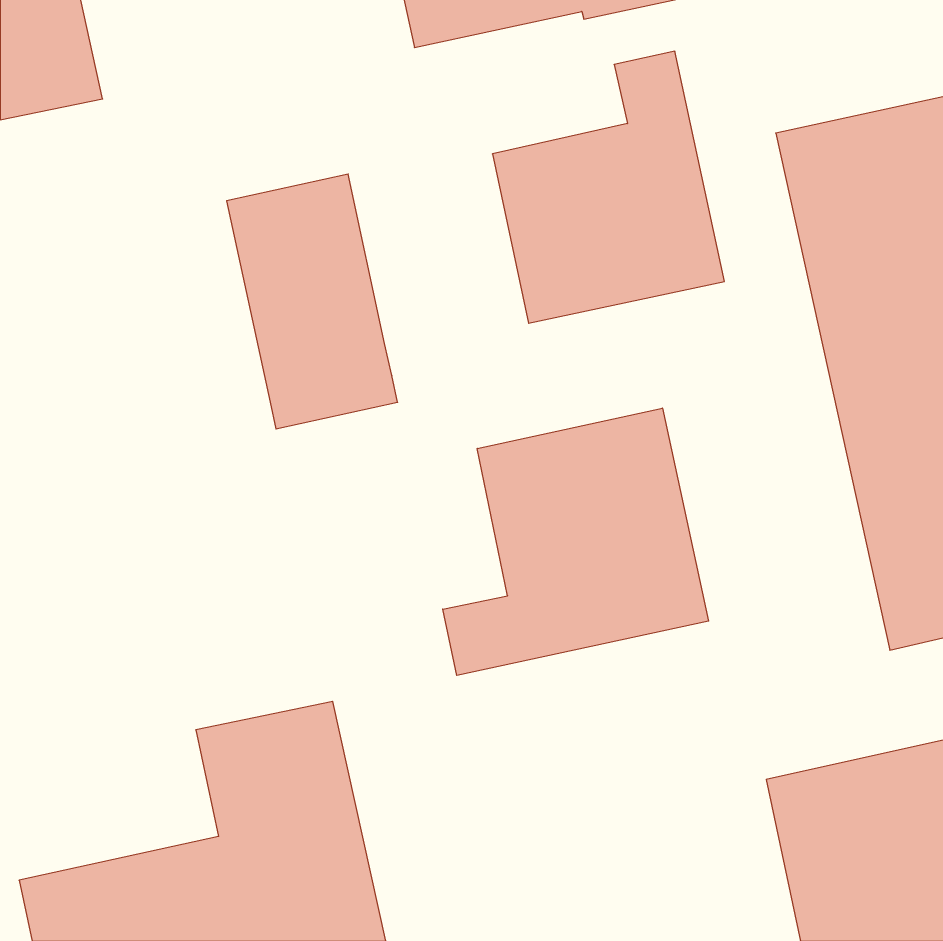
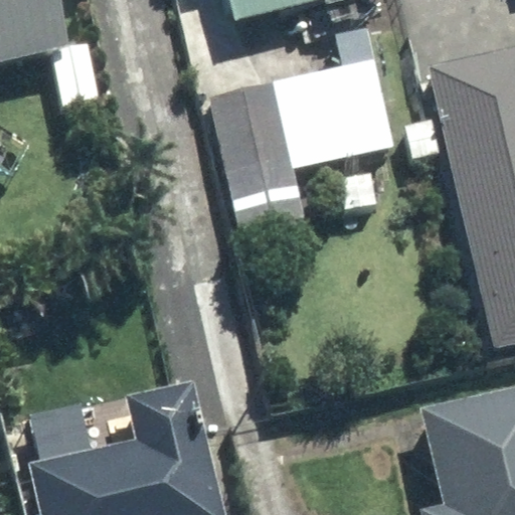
building: [227,174,398,429] -> [211,81,302,216]
building: [443,408,709,675] -> none

